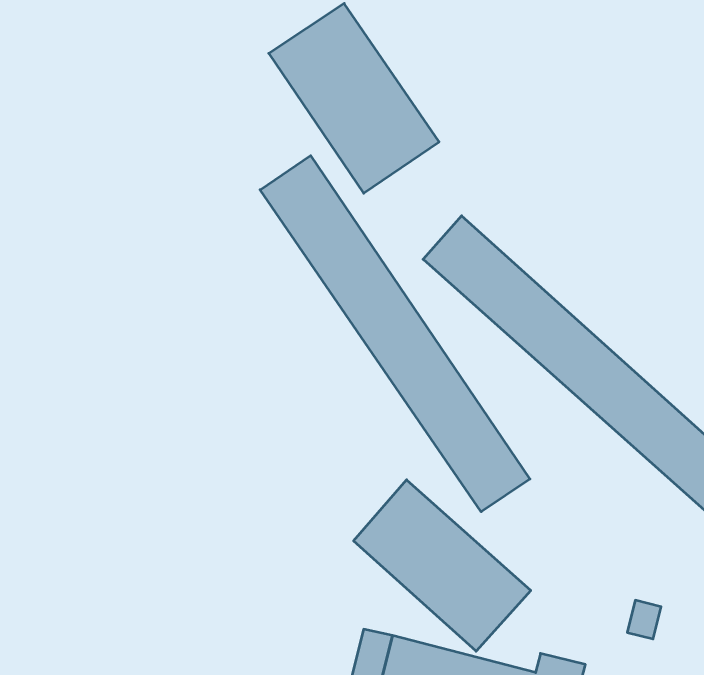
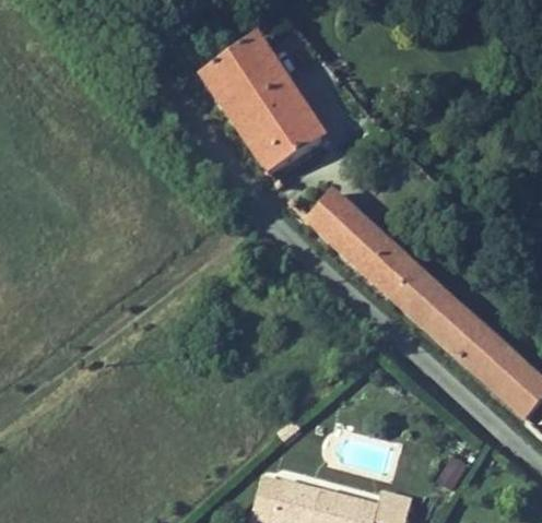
building: [260,156,530,512] -> none
building: [354,480,531,651] -> none

